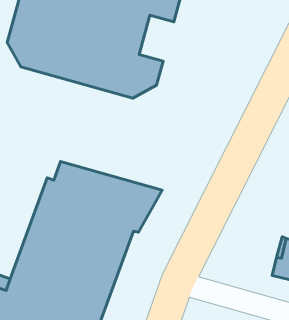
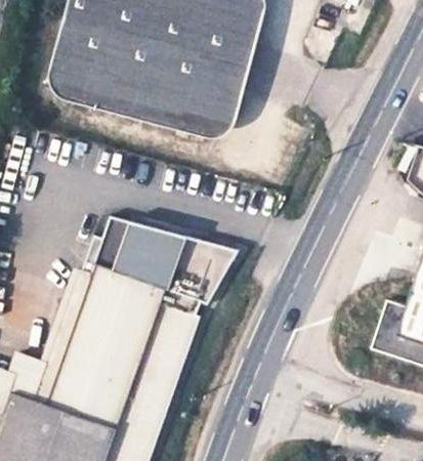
building: none -> [211,33,254,90]

